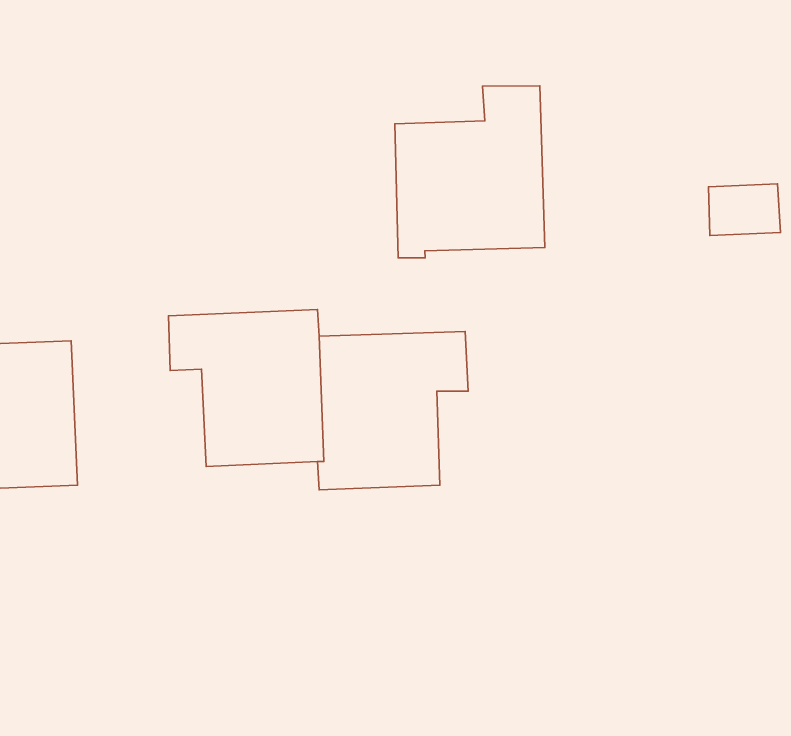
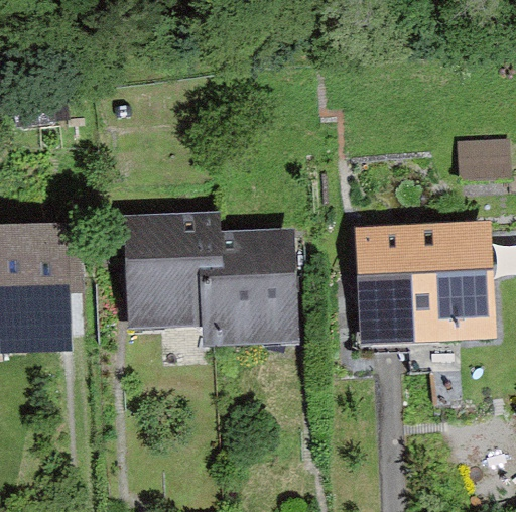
building: [395,86,545,258] -> none
building: none -> [365,228,485,332]

